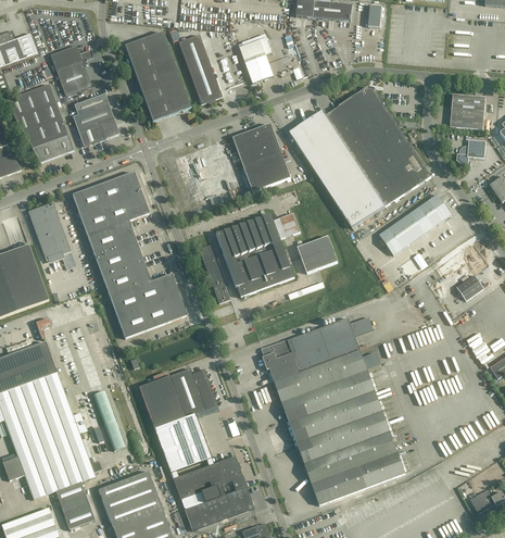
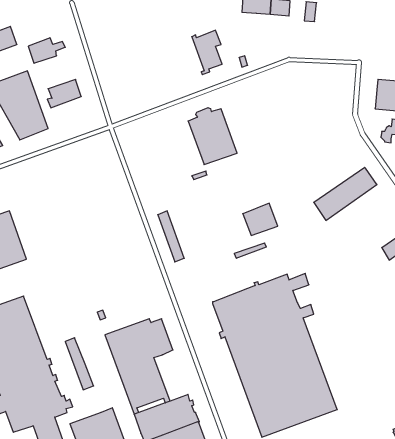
building: [125,30,191,121] -> none
building: [178,34,222,103] -> none
building: [58,65,91,95] -> none
building: [290,86,431,227] -> none
building: [77,112,119,146] -> none
building: [73,171,187,337] -> none
building: [28,201,77,268] -> none
building: [218,212,301,296] -> none

